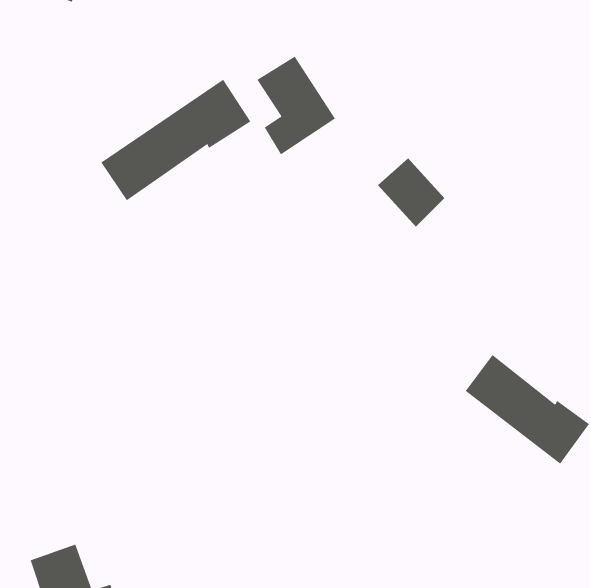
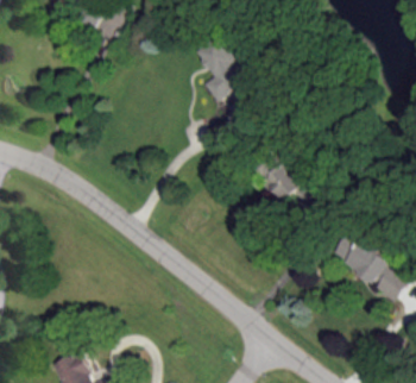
building: [100,79,251,201] -> none
building: [377,158,445,228] -> [261,162,305,207]

